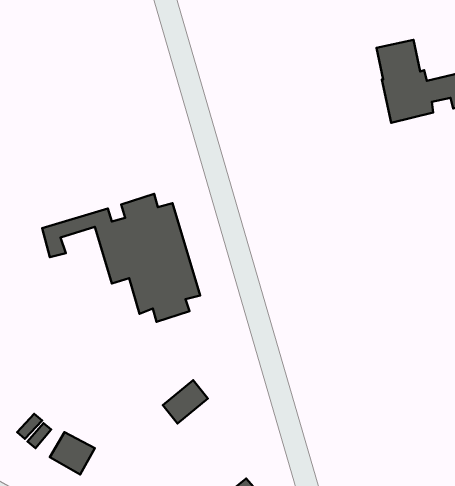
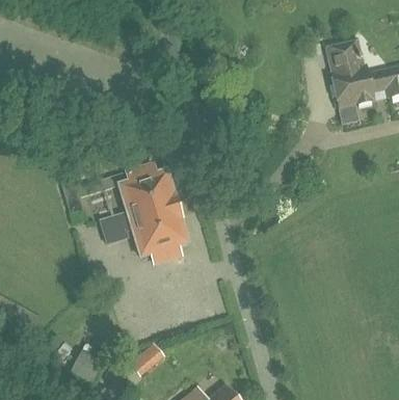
building: [163,380,208,424] -> [127,342,162,376]

